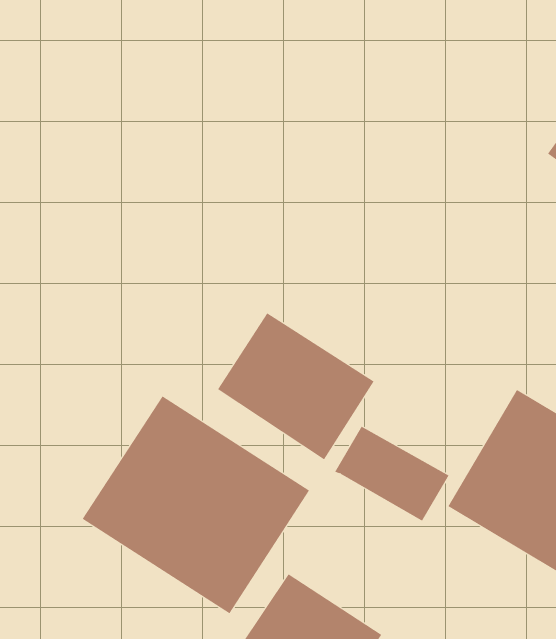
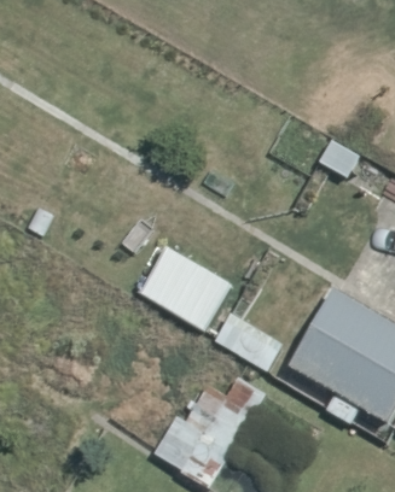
building: [82,396,310,614] -> none

